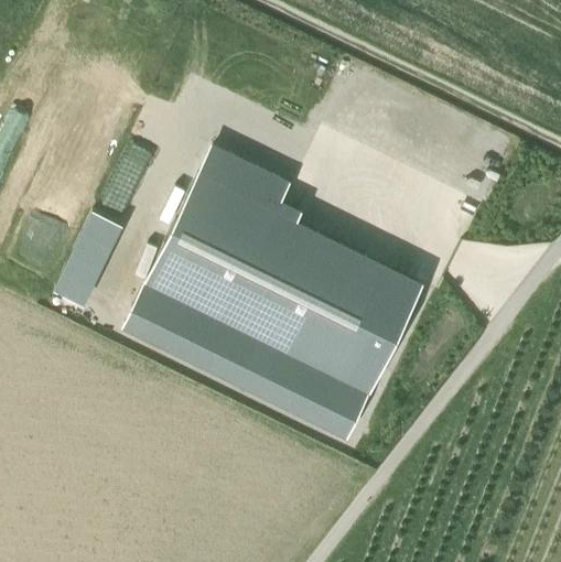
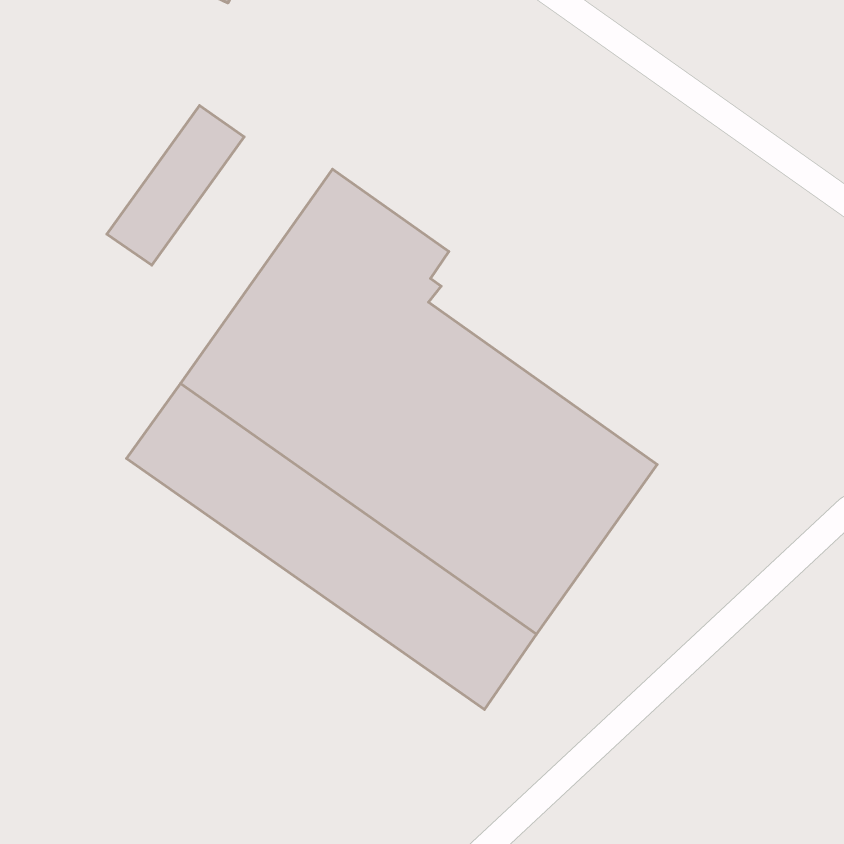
building: [54,215,121,307] -> [107,106,244,265]

